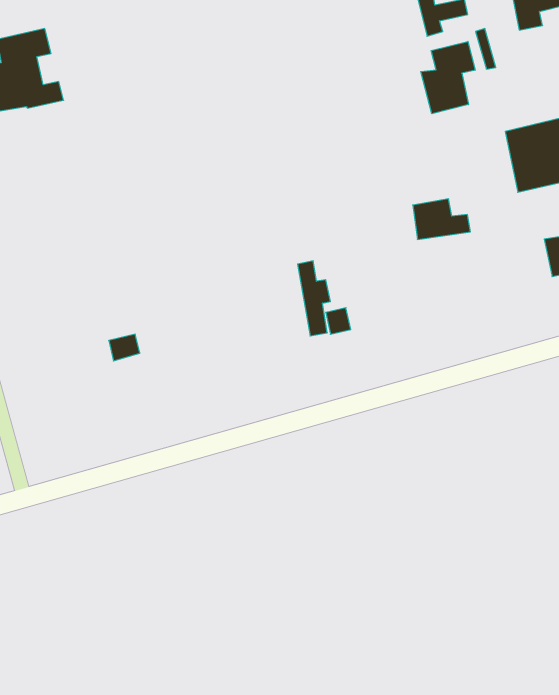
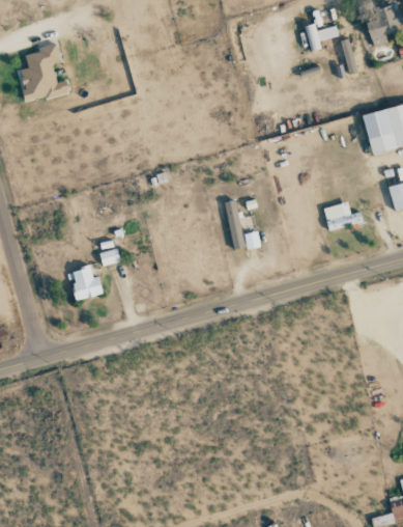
building: [421,41,475,114] -> none
building: [413,199,470,239] -> [324,201,363,228]
building: none -> [70,266,103,299]

